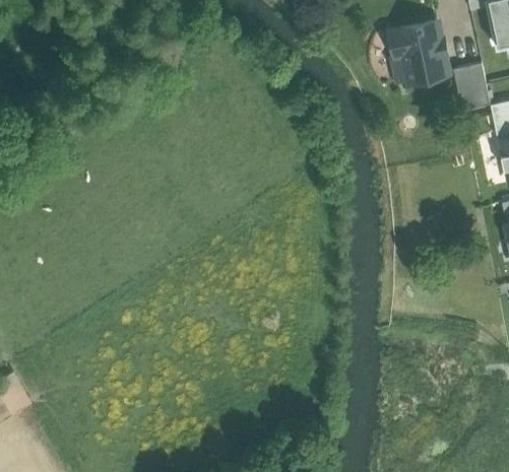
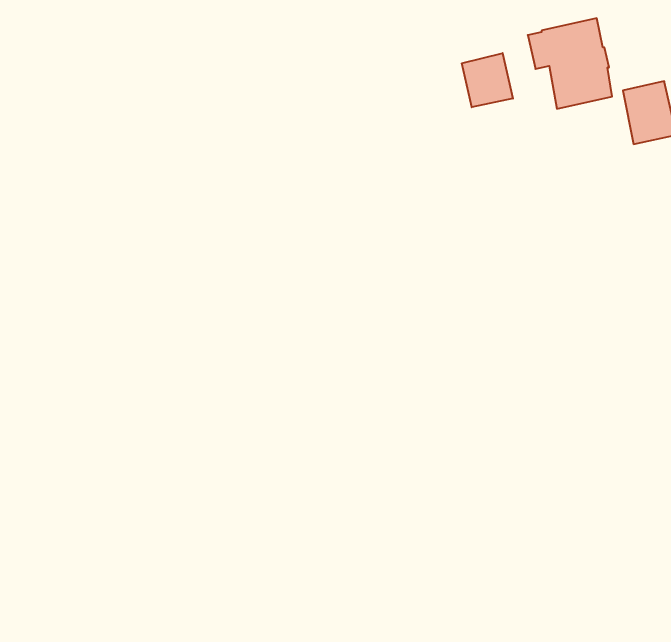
building: none -> [462,53,513,107]

